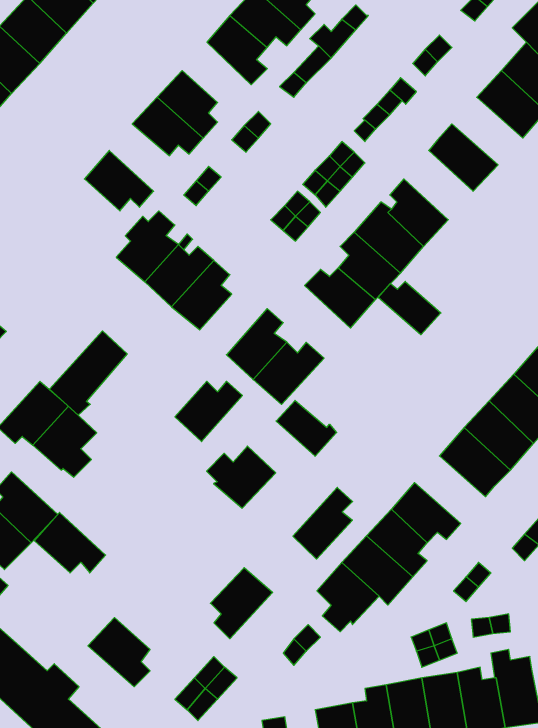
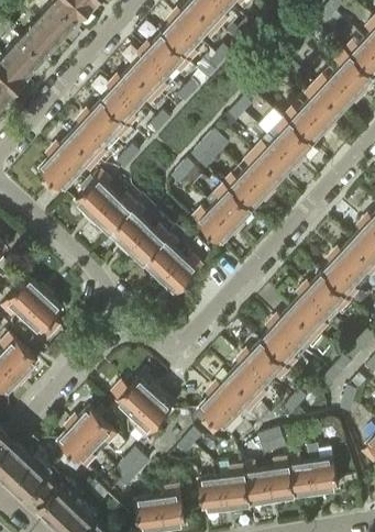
building: none -> [114,69,157,107]
building: none -> [282,103,326,145]
building: none -> [69,120,107,162]
building: none -> [252,136,295,179]
building: none -> [41,154,76,195]
building: [378,281,441,335] -> none
building: [50,331,127,415] -> none
building: [175,381,242,442] -> [125,225,167,263]
building: [276,400,337,456] -> none
building: [207,446,276,508] -> [110,378,153,417]
building: none -> [258,325,302,367]
building: [293,487,353,559] -> none
building: [35,512,106,573] -> [73,408,117,445]

